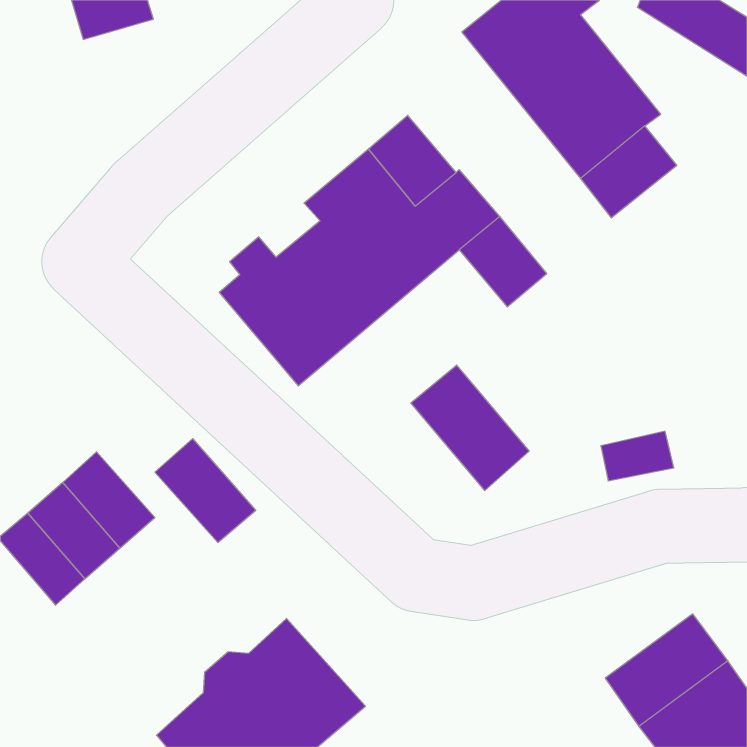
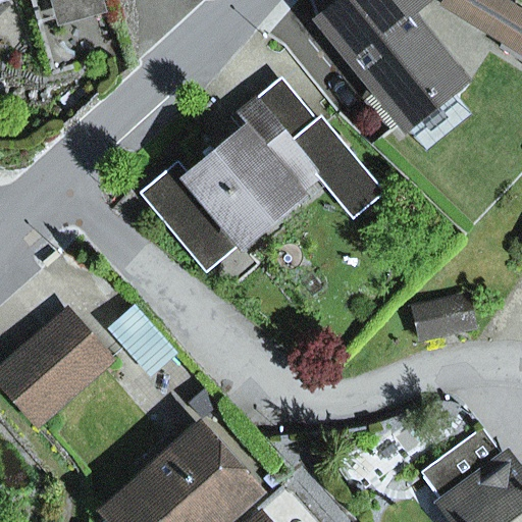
building: [411,365,529,491] -> none

